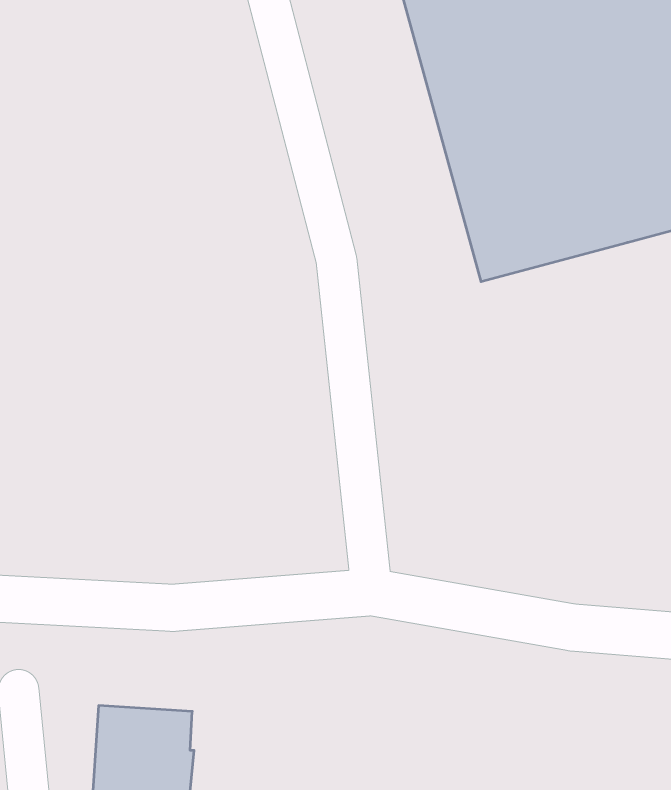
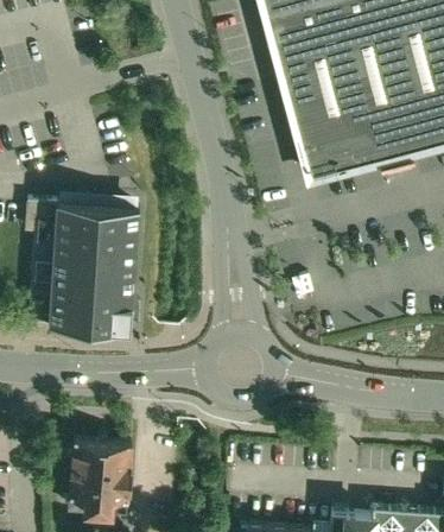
building: none -> [25,201,138,329]

